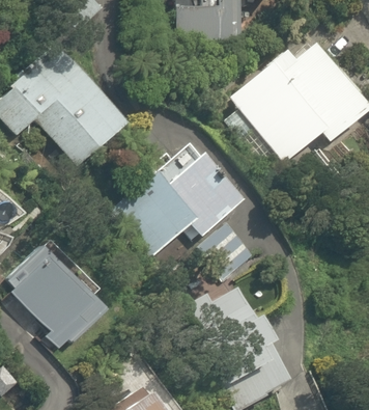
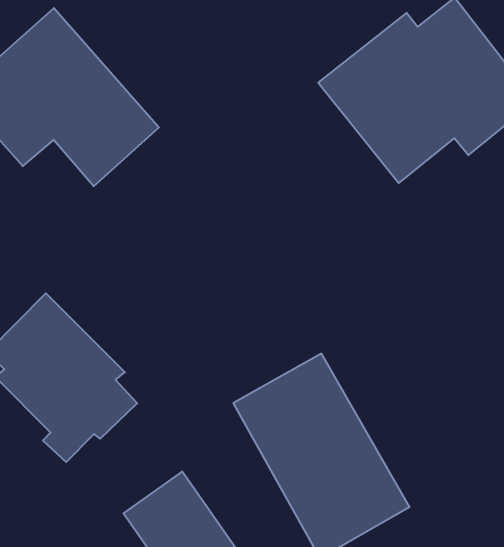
building: [112,144,244,261] -> none

